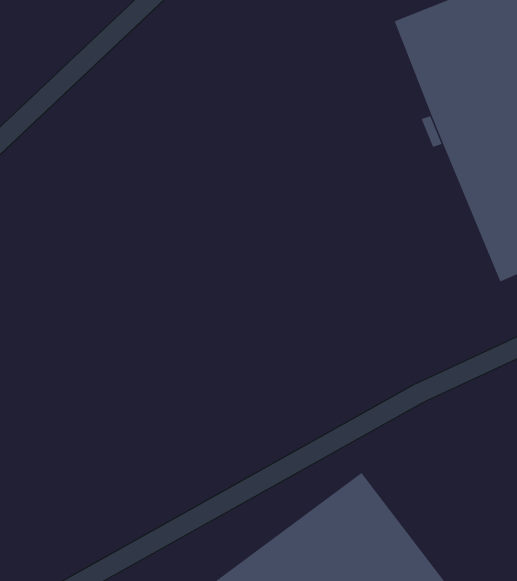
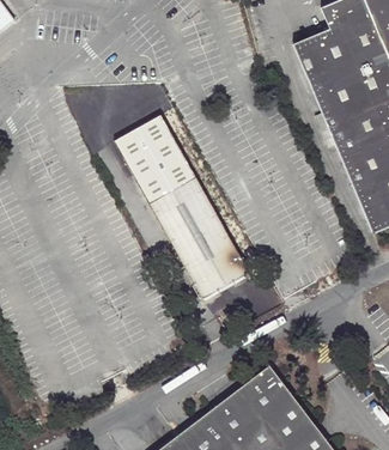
building: none -> [114,114,248,298]

